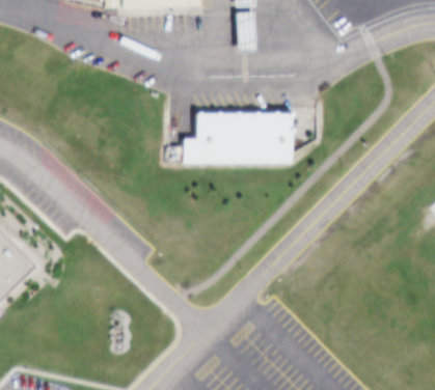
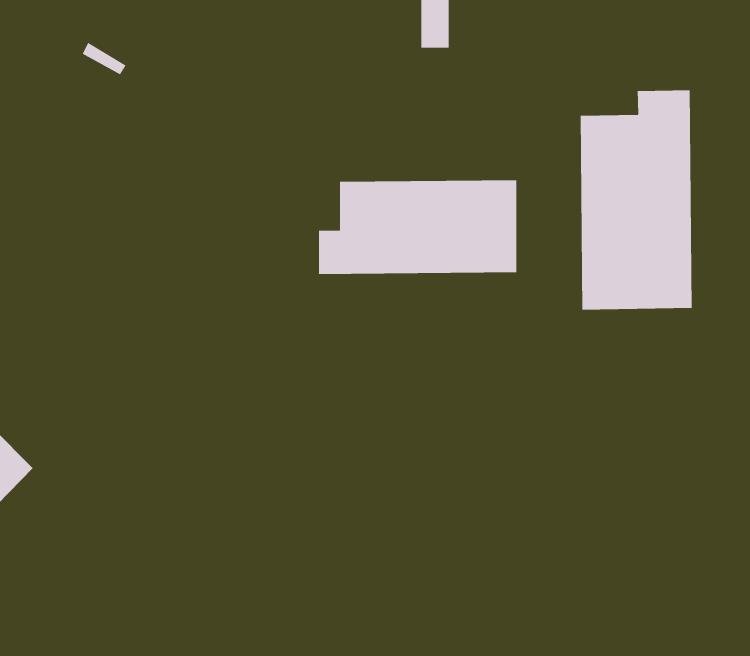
building: none -> [580,90,692,311]

